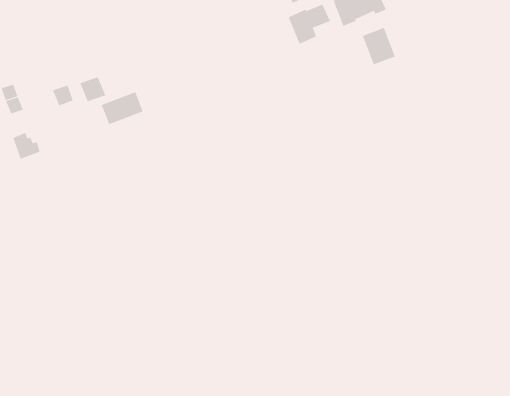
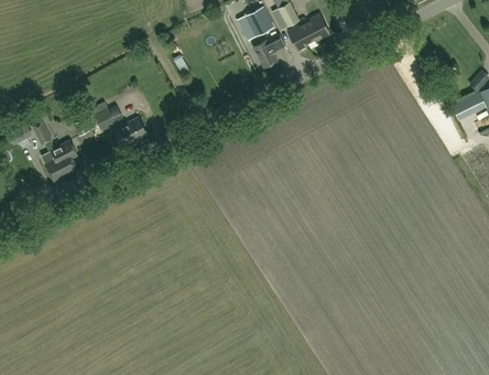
building: [362,27,396,65] -> none
building: none -> [51,140,77,172]

